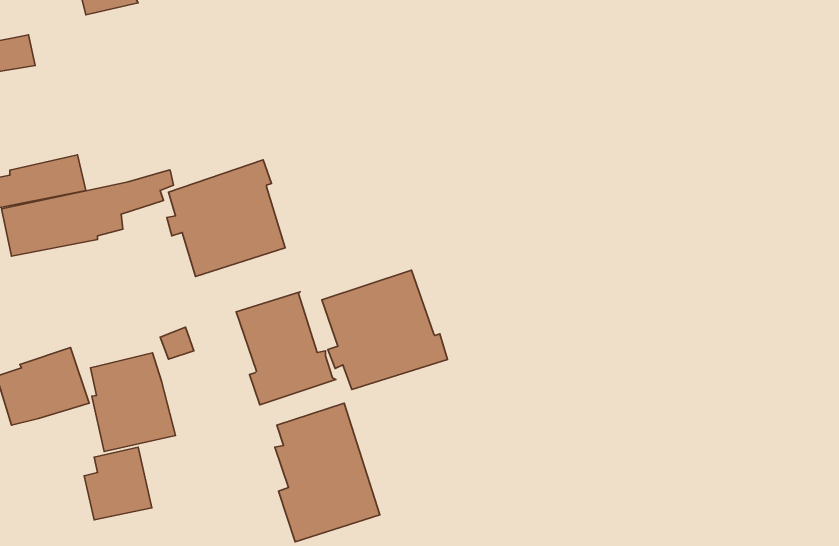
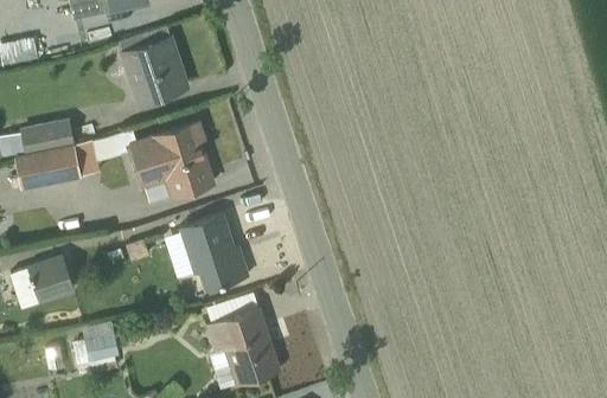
building: none -> [120,26,190,104]
building: [322,270,448,390] -> none
building: [90,353,176,451] -> none

